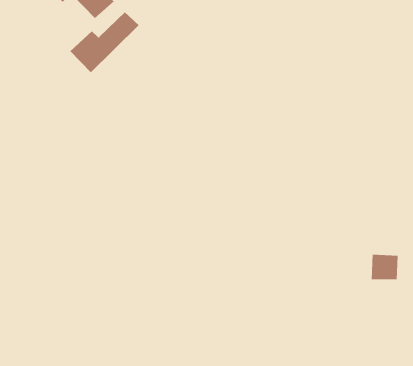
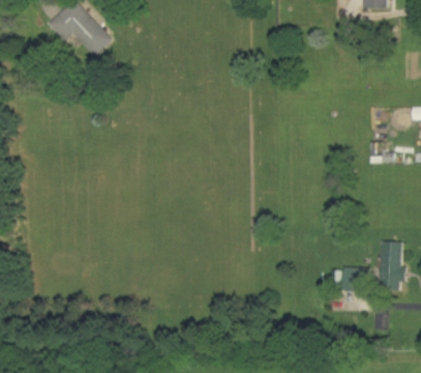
building: [70,12,140,73] -> none

